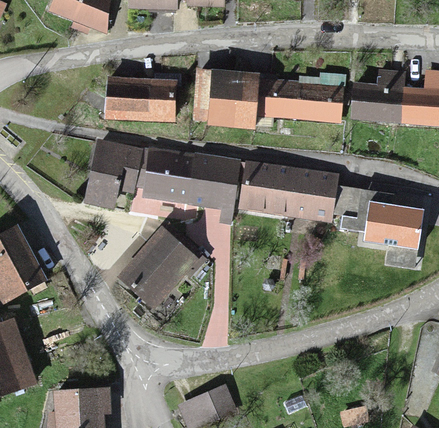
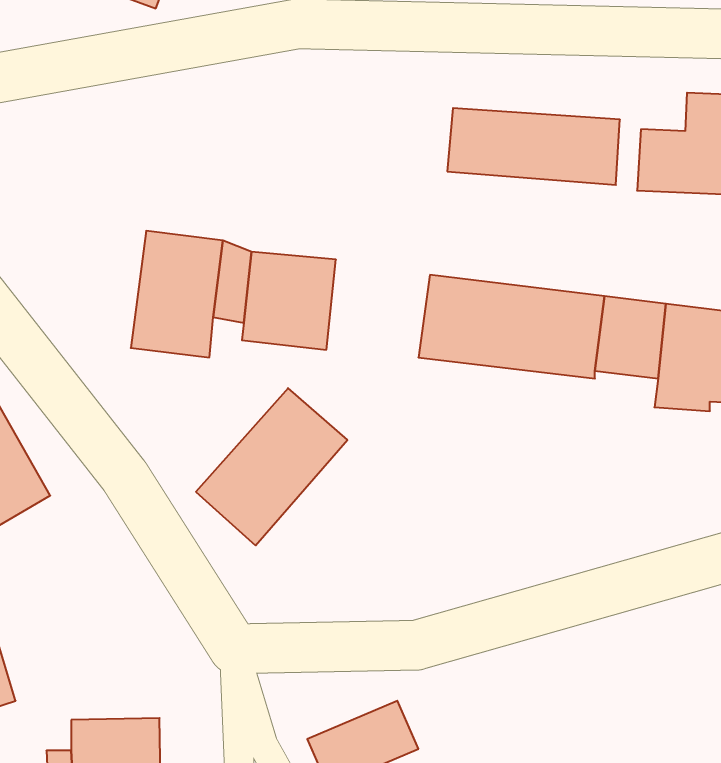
building: [191,71,255,129] -> none
building: [106,78,171,122] -> none
building: [189,155,236,206] -> none

